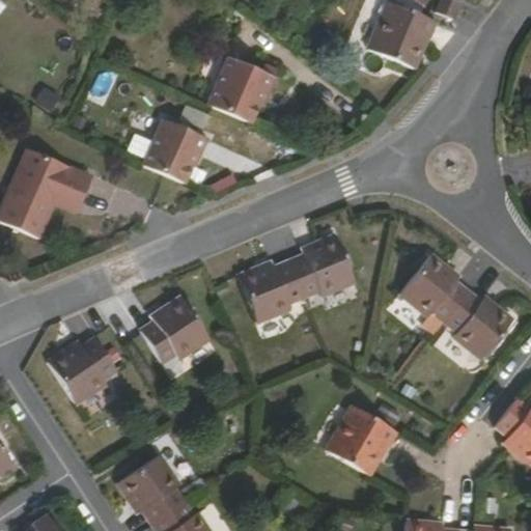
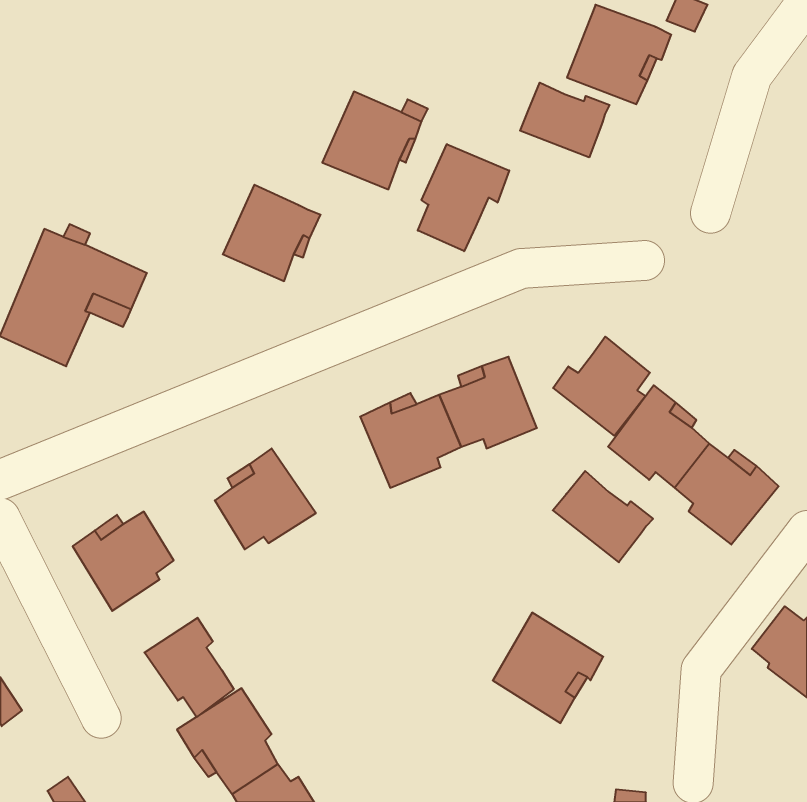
building: none -> [520,83,610,157]
building: none -> [418,144,509,251]
building: none -> [553,337,650,436]
building: none -> [553,471,653,562]
building: none -> [144,618,234,717]

